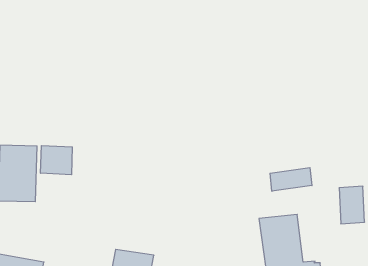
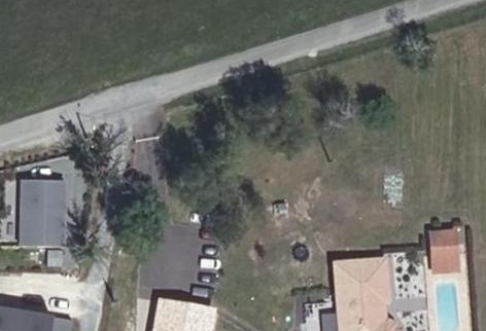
building: [41,146,72,175] -> none
building: [270,168,312,191] -> none

